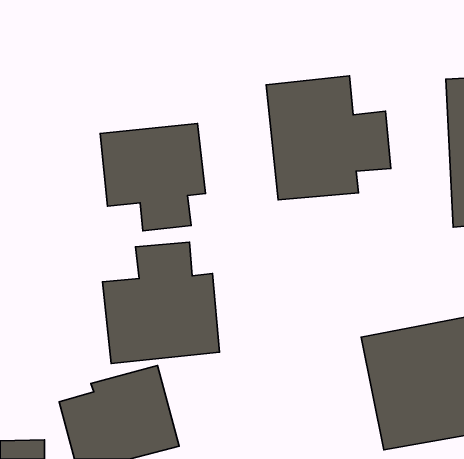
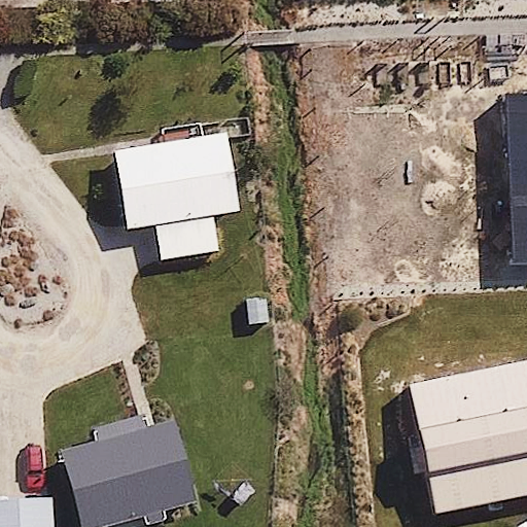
building: [266,76,391,200] -> none
building: [103,242,219,363] -> none

